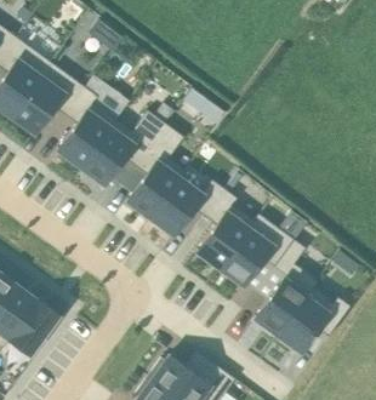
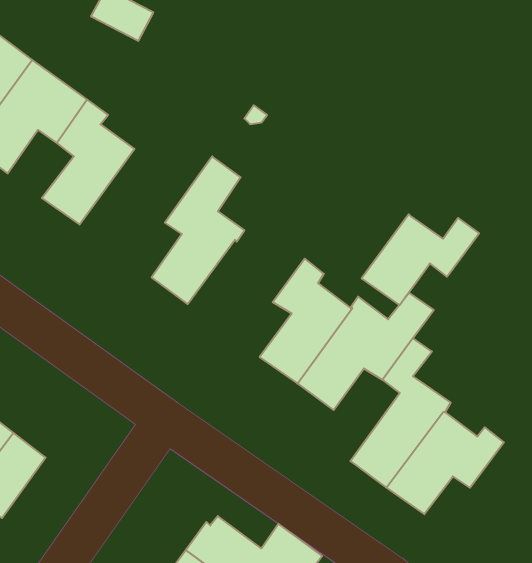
building: [81,104,175,187] -> none
building: [150,178,226,236] -> [362,214,479,305]

